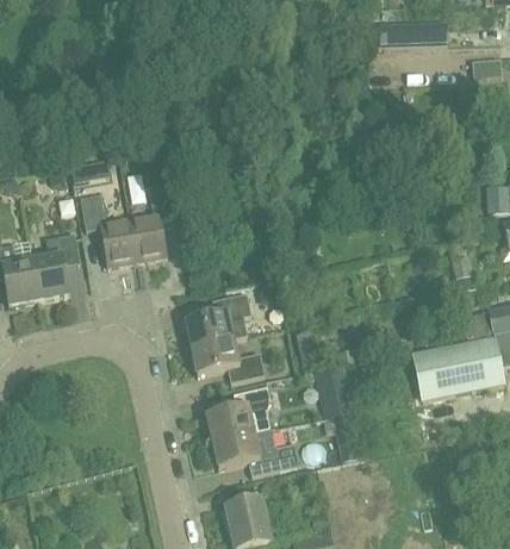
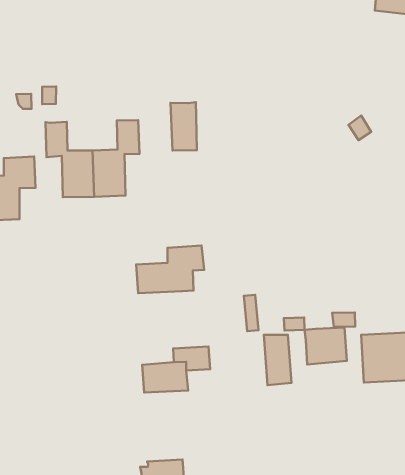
building: none -> [170,102,197,151]
building: [194,338,266,381] -> none
building: none -> [305,328,347,364]
building: [214,429,300,476] -> none

